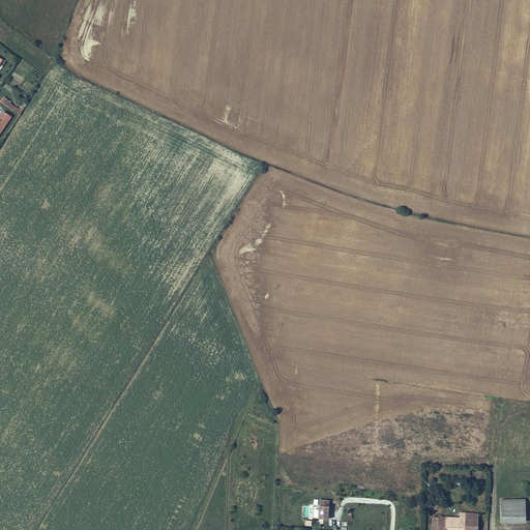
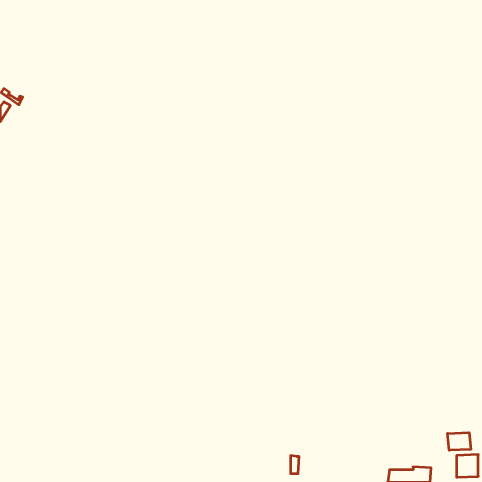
building: none -> [448,433,471,450]

